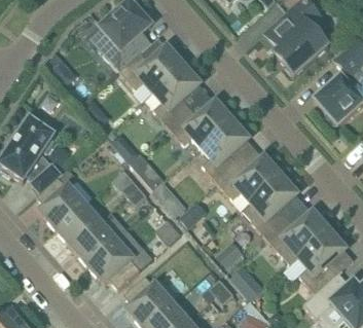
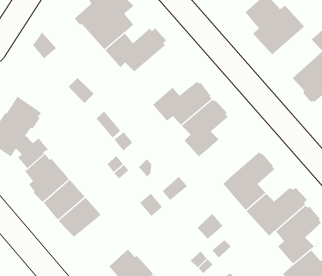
building: [151,65,199,126] -> none
building: [218,156,281,203] -> none
building: [88,241,140,288] -> none

